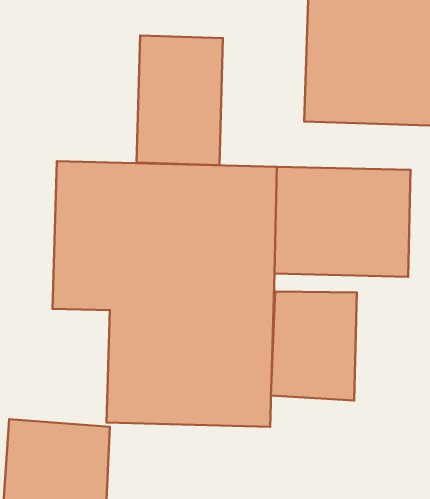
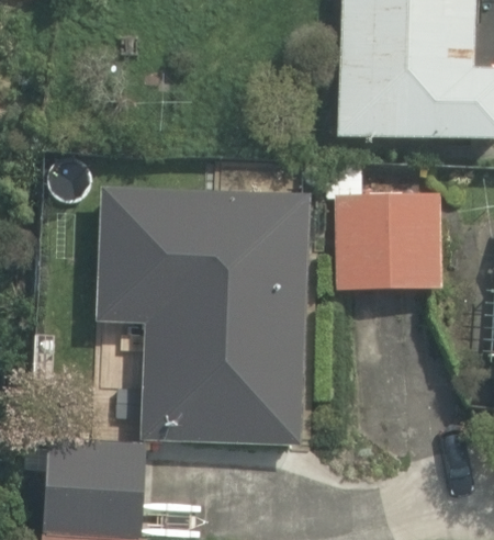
building: [137,35,223,165] -> none
building: [271,291,357,400] -> none

